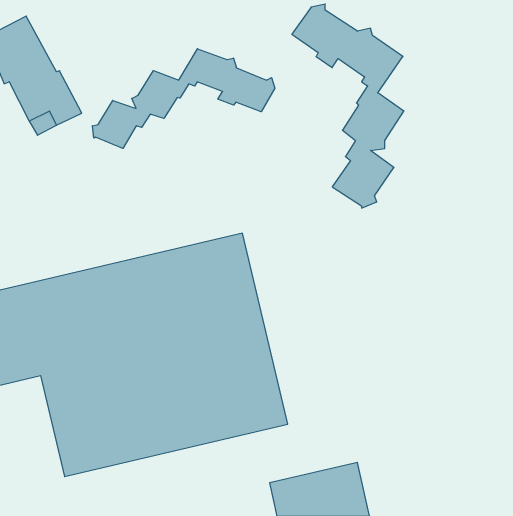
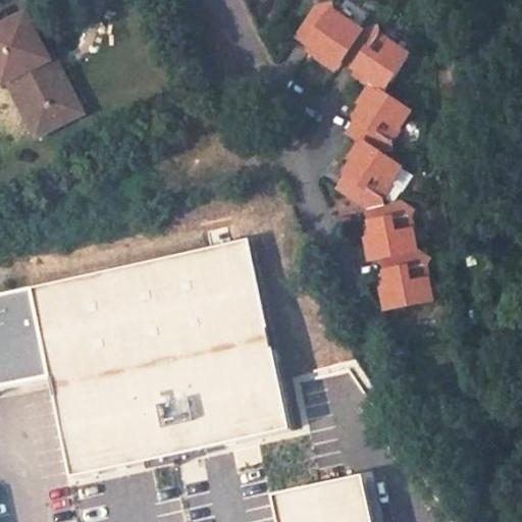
building: [92,49,275,148] -> none
building: none -> [365,201,429,309]

